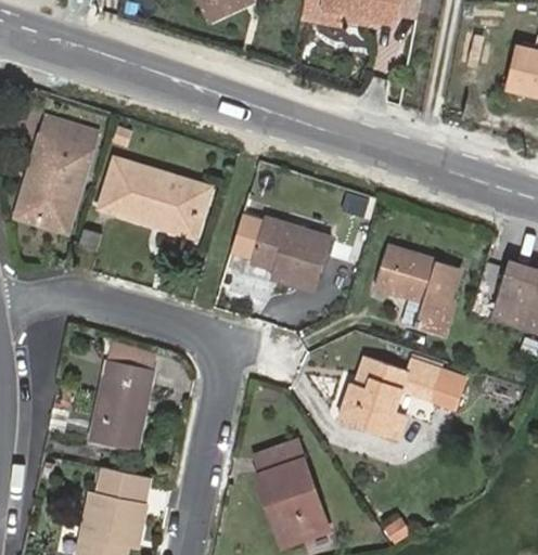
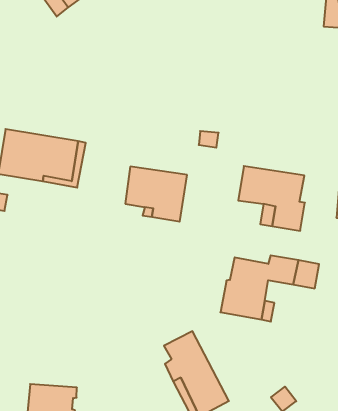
building: [92,358,156,449] -> none

